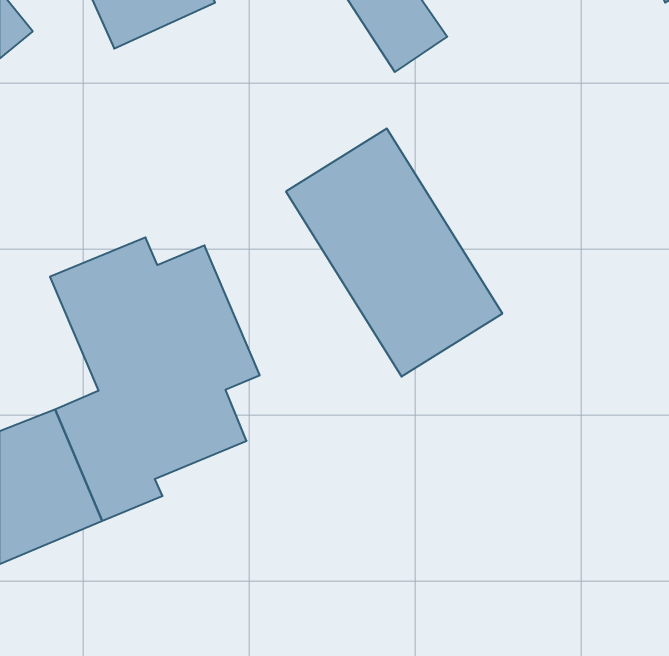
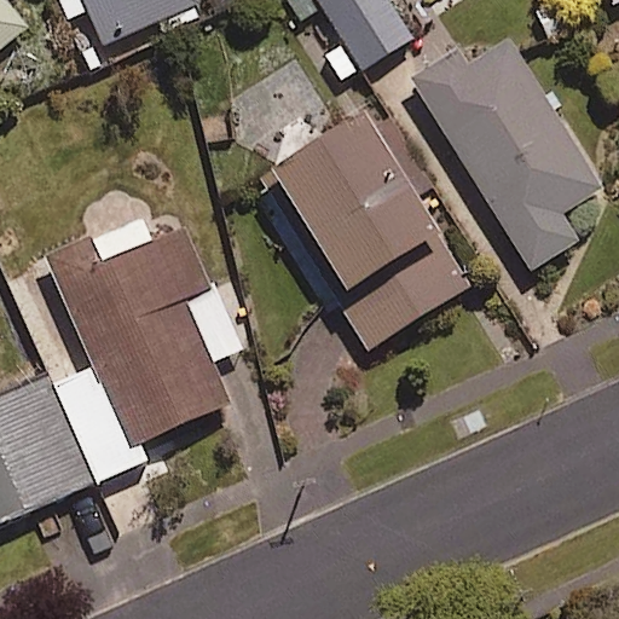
building: none -> [411,39,596,268]

